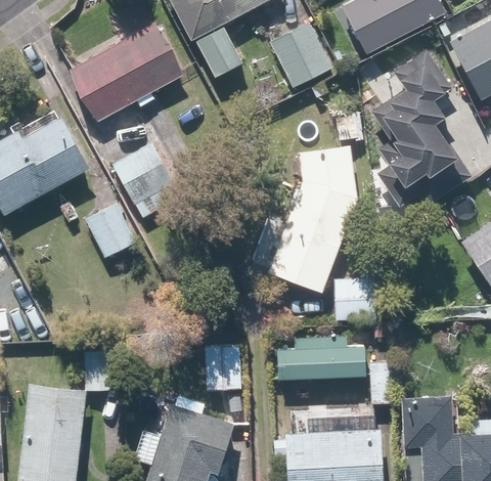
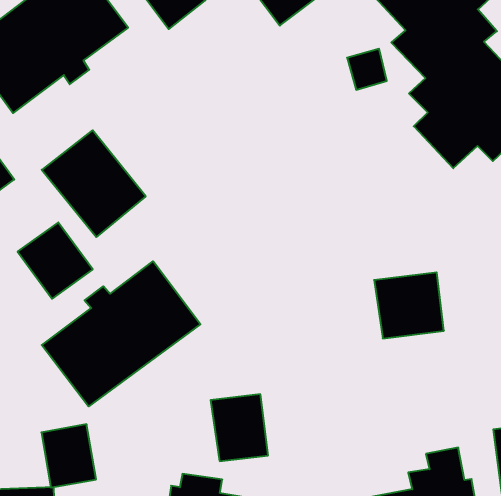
building: [249,144,357,293] -> none
building: none -> [42,261,200,406]
building: [276,334,365,378] -> none

